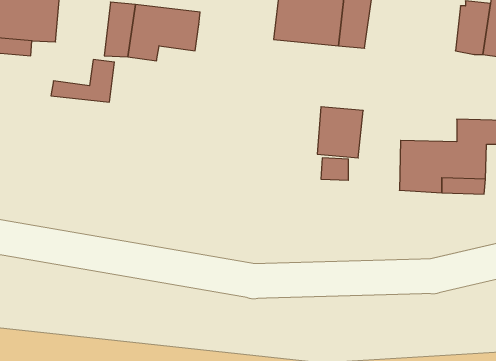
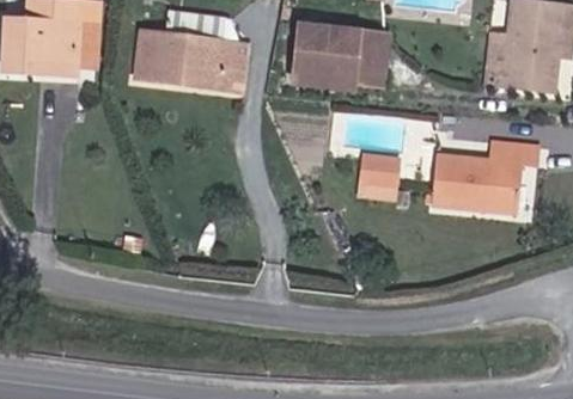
building: [51,60,114,102] -> [194,53,255,93]

